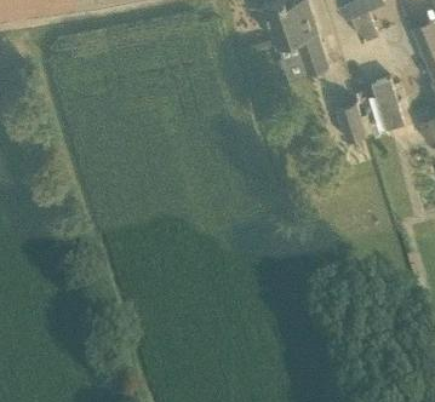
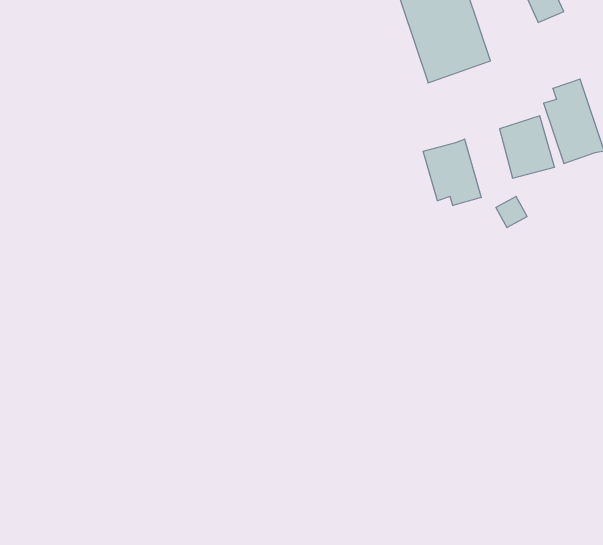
building: none -> [423,139,481,206]

